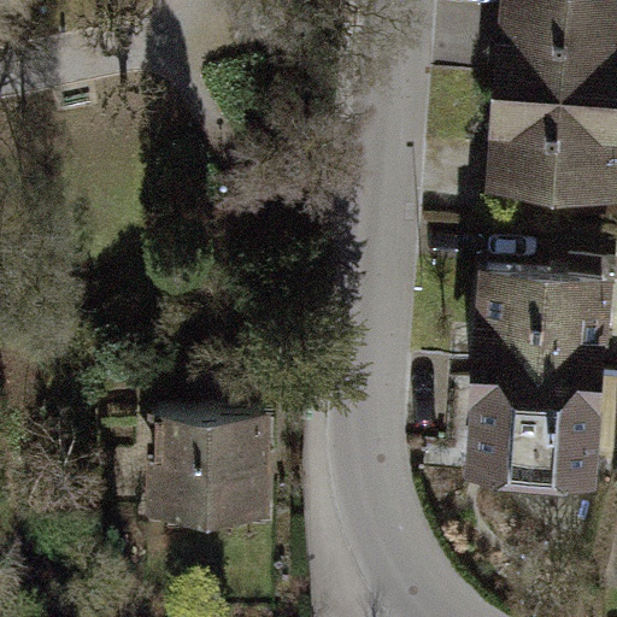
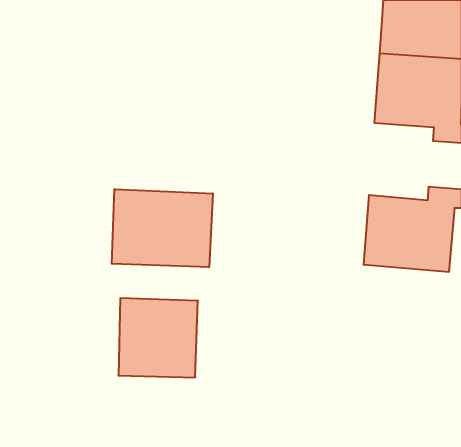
building: none -> [112,189,213,267]
building: [477,372,600,475] -> none

